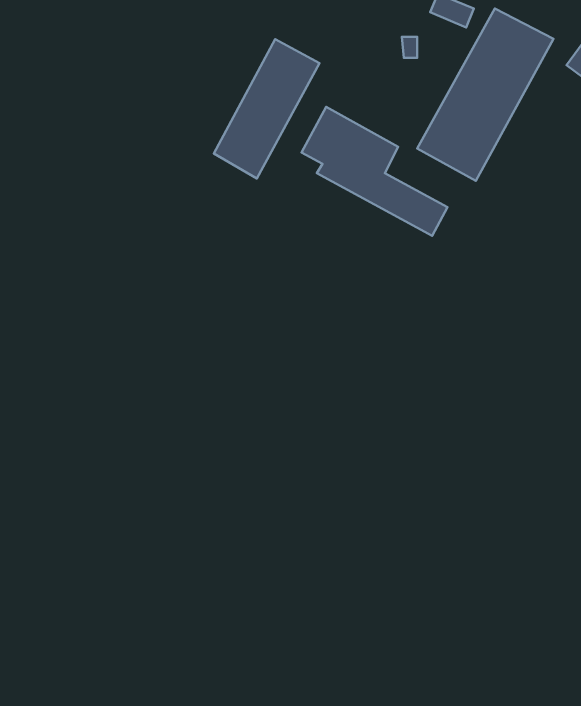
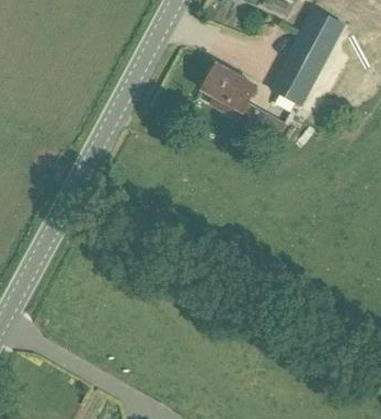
building: [214,39,320,178] -> none

